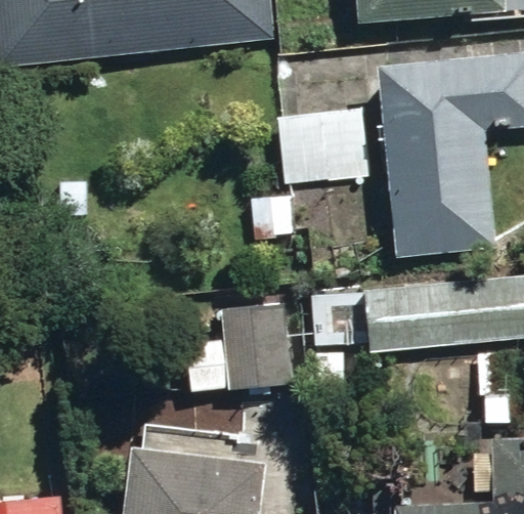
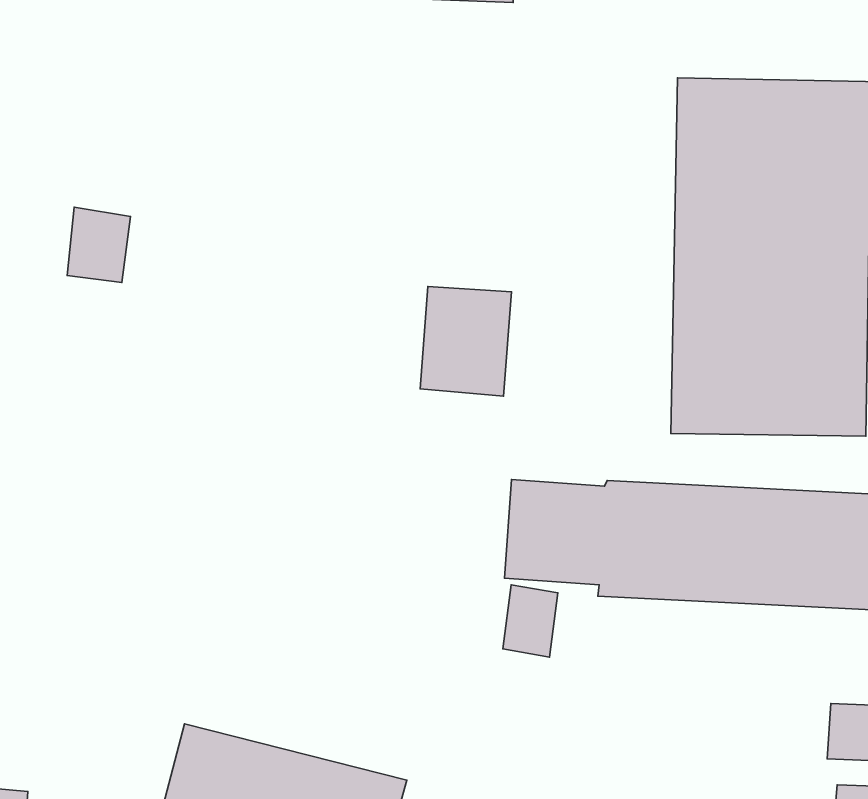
building: [278,111,367,181] -> none
building: [186,301,289,391] -> none

